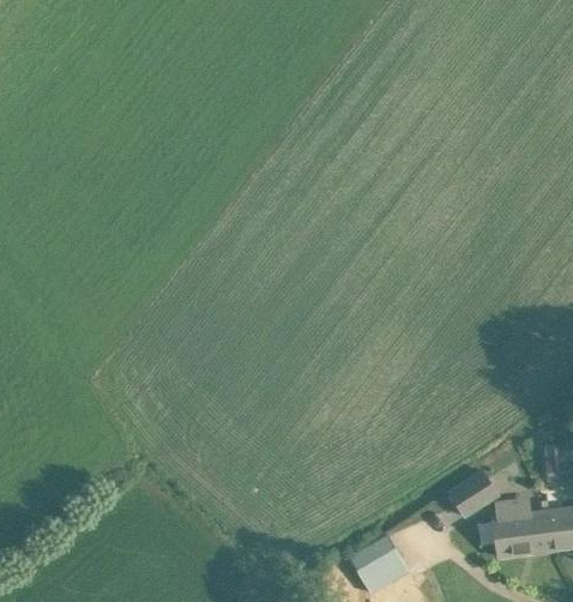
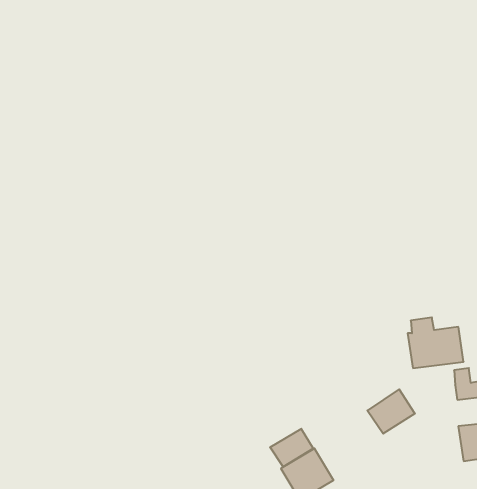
building: [491,500,555,558] -> [408,317,464,368]
building: none -> [270,429,313,467]

